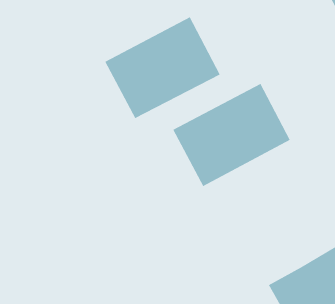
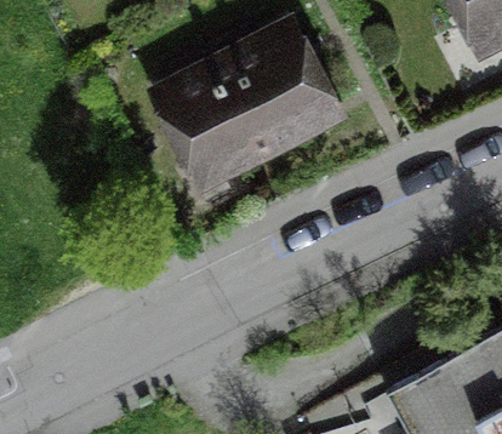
building: [172,83,291,187] -> none

